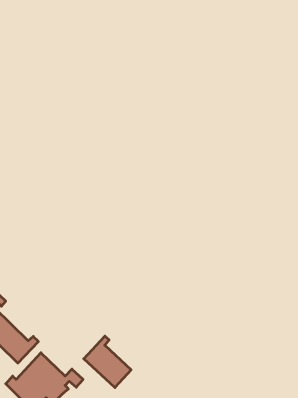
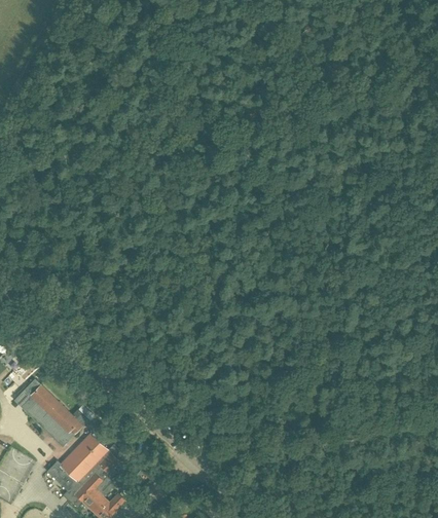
building: [84,336,131,388] -> none

